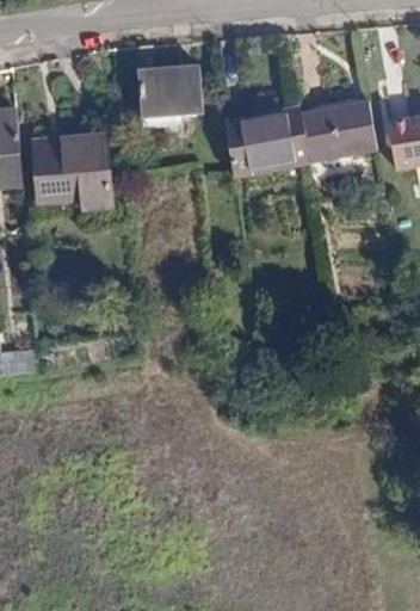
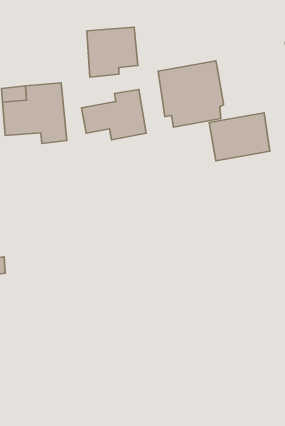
building: [301,100,376,160] -> [209,113,270,161]
building: none -> [81,90,146,140]

